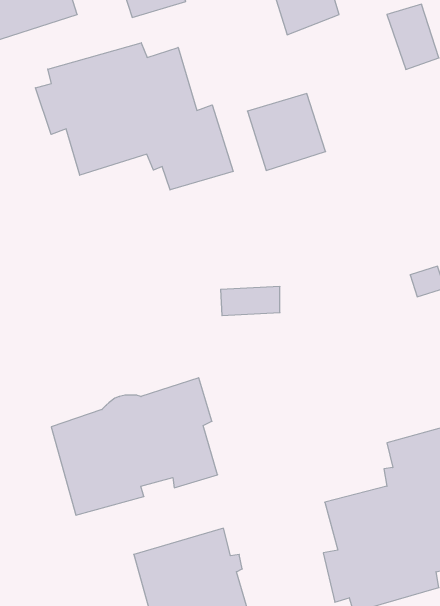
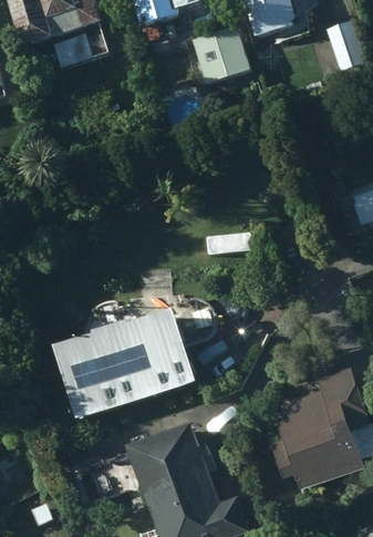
building: [35,43,233,190] -> none
building: [247,94,326,170] -> [188,25,248,84]

